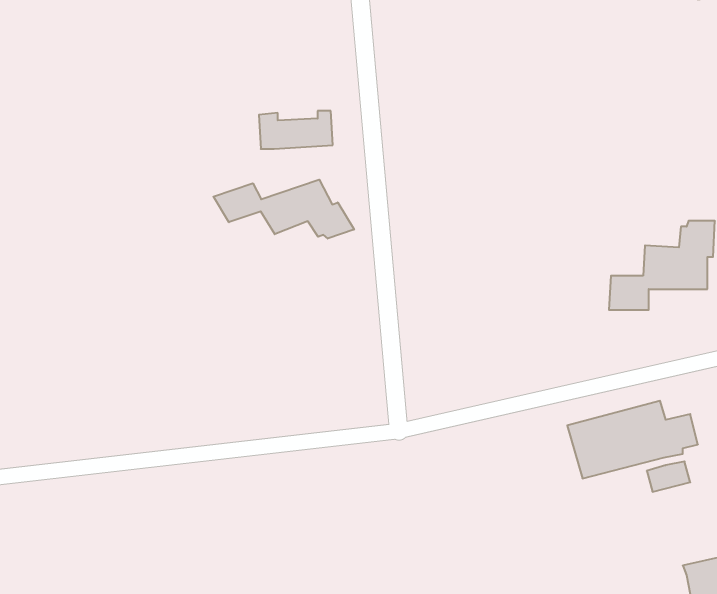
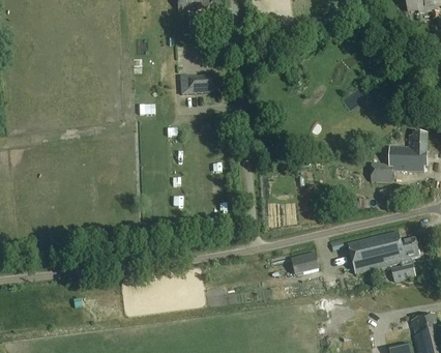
building: [213,180,354,239] -> none
building: none -> [291,252,321,274]

